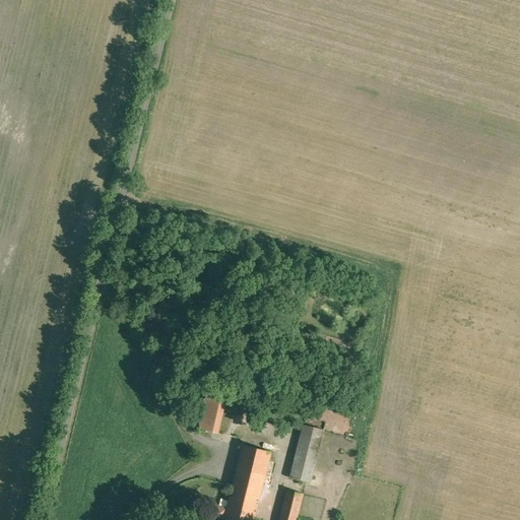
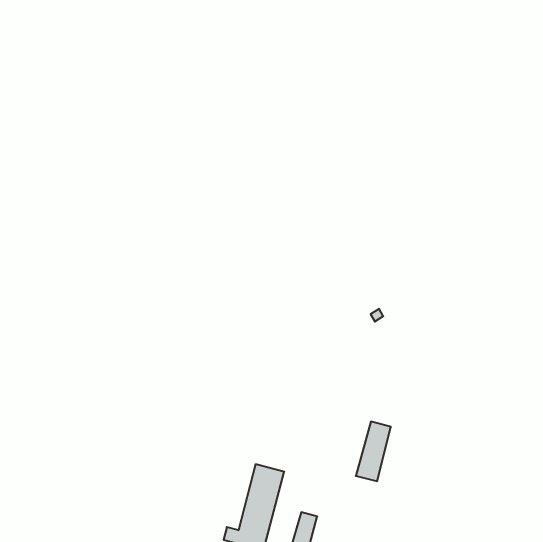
building: [197,396,223,433] -> none
building: [289,426,323,482] -> [356,422,391,481]

